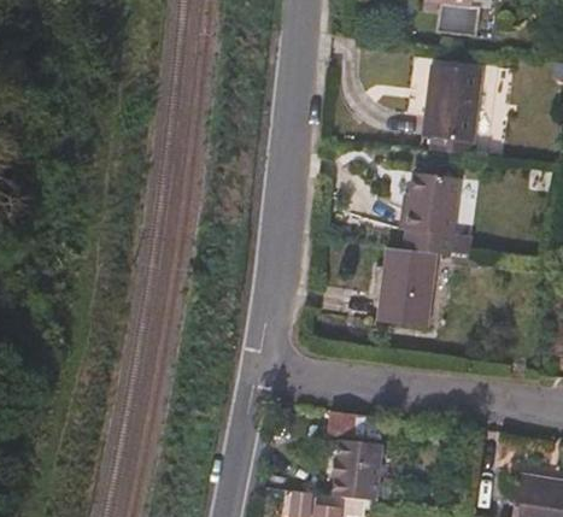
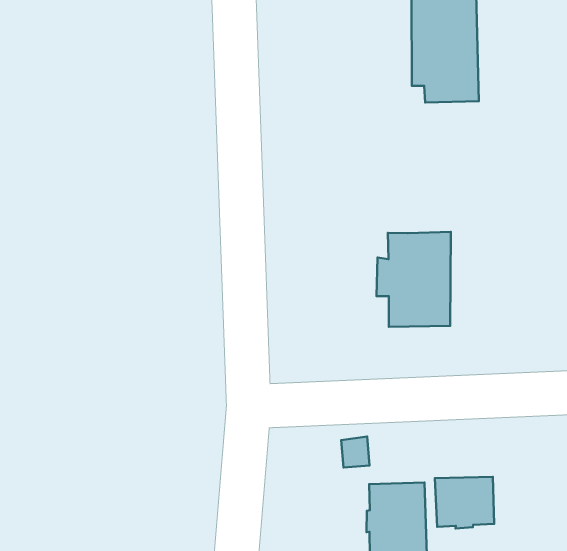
building: [398,170,476,253] -> none
building: none -> [435,477,494,528]

